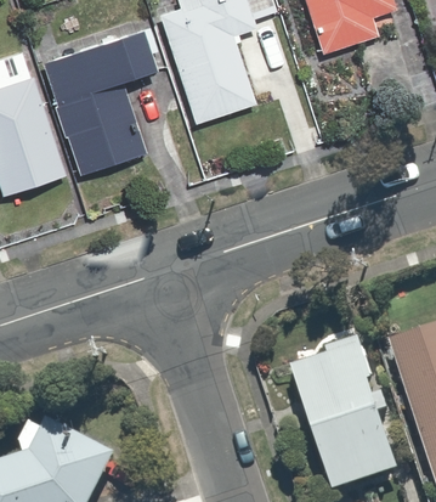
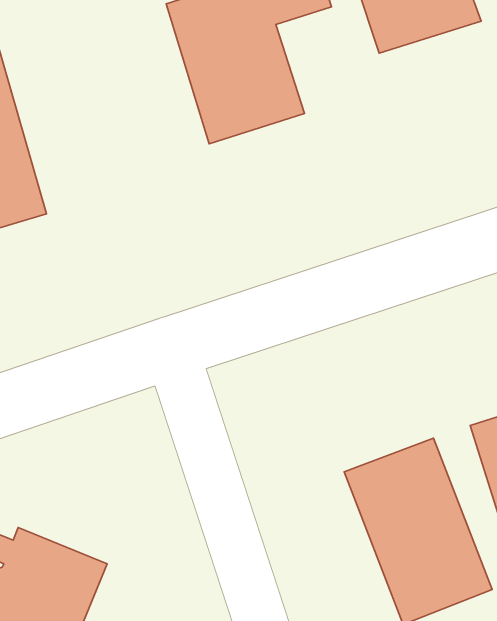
building: [38,22,158,173] -> none

